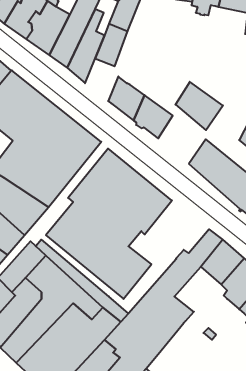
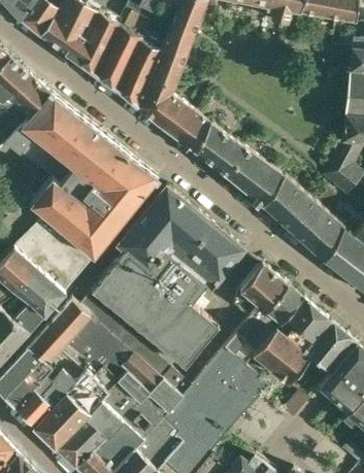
building: none -> [138,78,178,130]
building: [175,82,223,130] -> [227,147,285,206]
building: none -> [233,266,289,322]
building: none -> [246,331,310,397]

